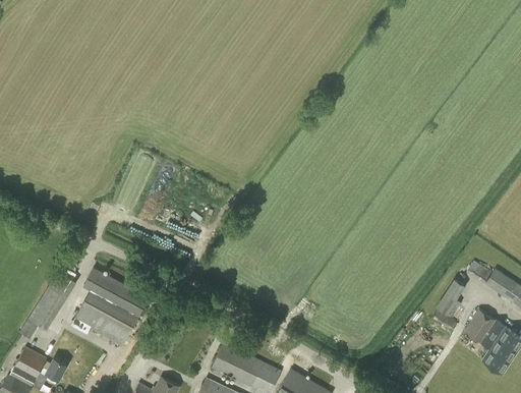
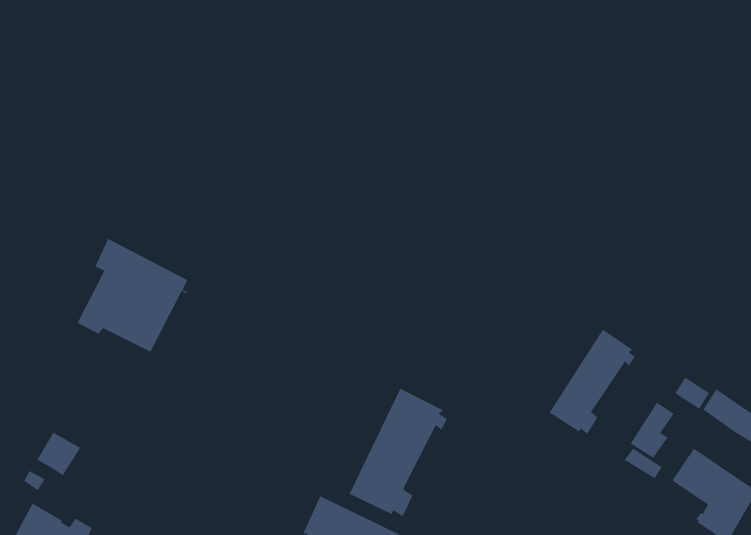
building: none -> [549,329,636,435]
building: [71,266,148,344] -> [77,238,188,352]
building: none -> [349,388,448,517]

